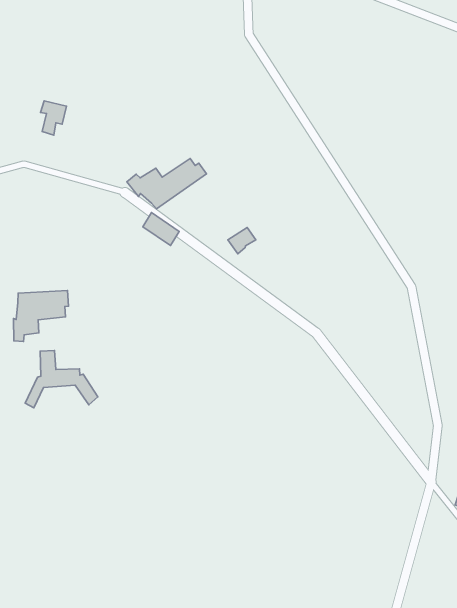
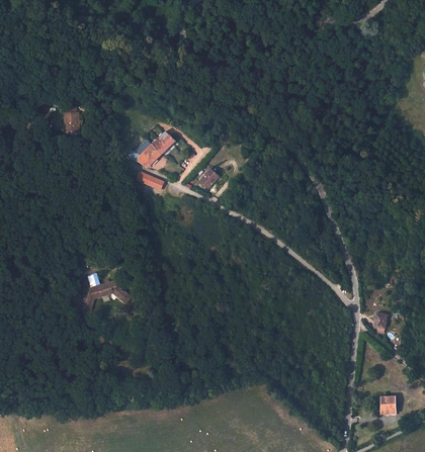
building: [13,291,68,342] -> none

